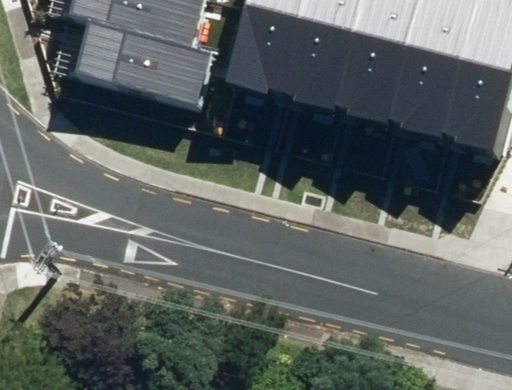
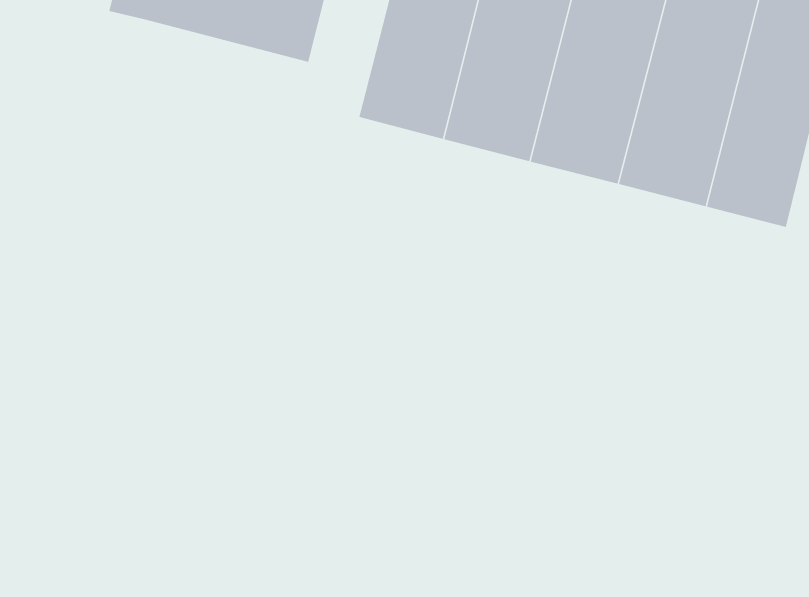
building: [80,21,217,106] -> none

